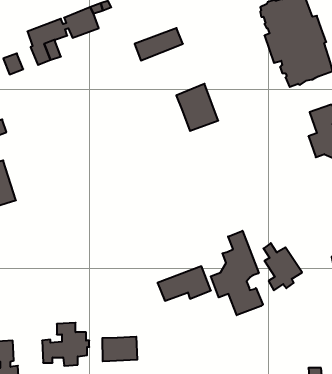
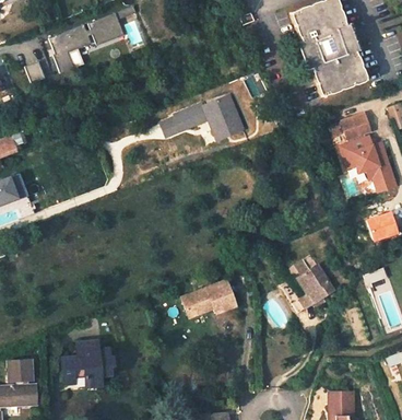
building: [135,28,183,61] -> [158,104,209,138]
building: [211,231,263,315] -> none
building: [102,337,137,361] -> none

